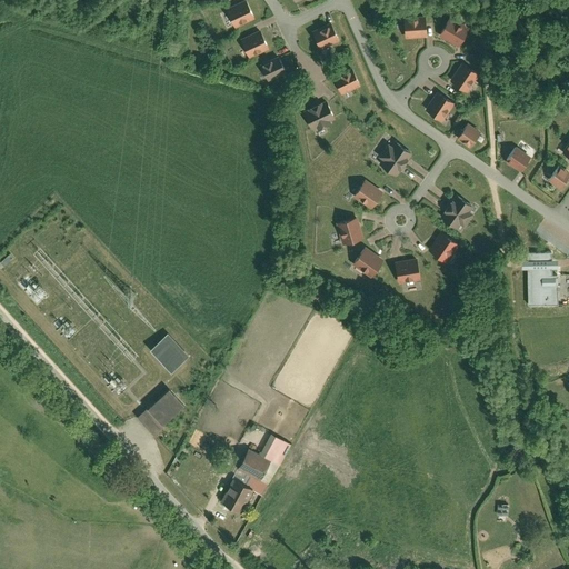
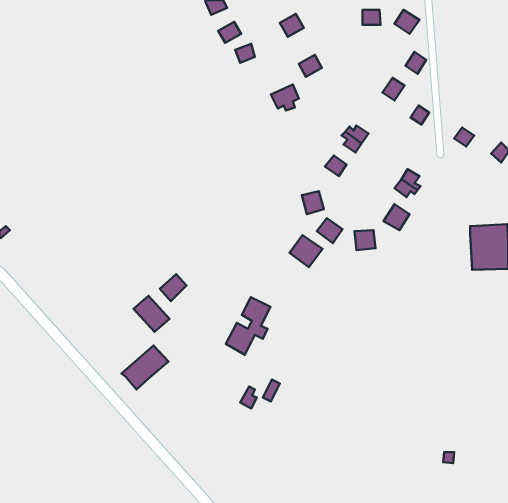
building: none -> [289,235,323,267]
building: none -> [160,274,187,301]
building: [219,455,269,519] -> [226,297,271,355]

